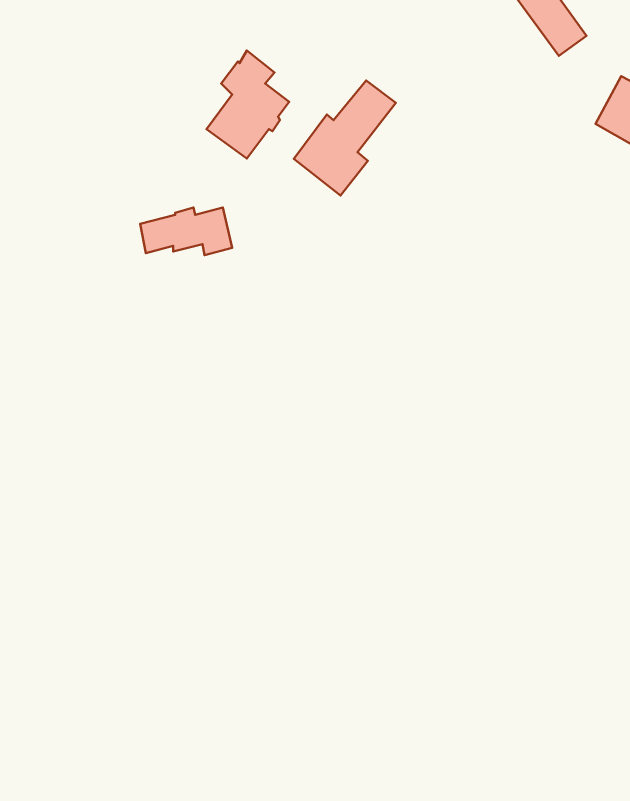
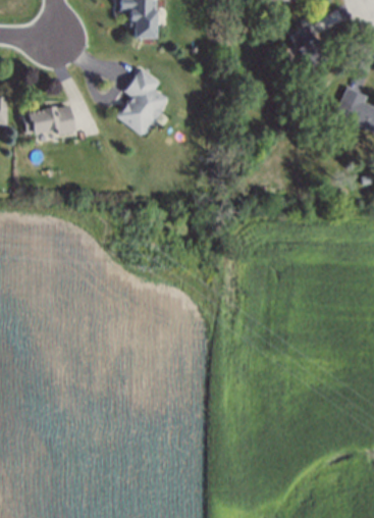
building: [294,81,396,196] -> none
building: [140,207,232,255] -> [24,109,75,136]

